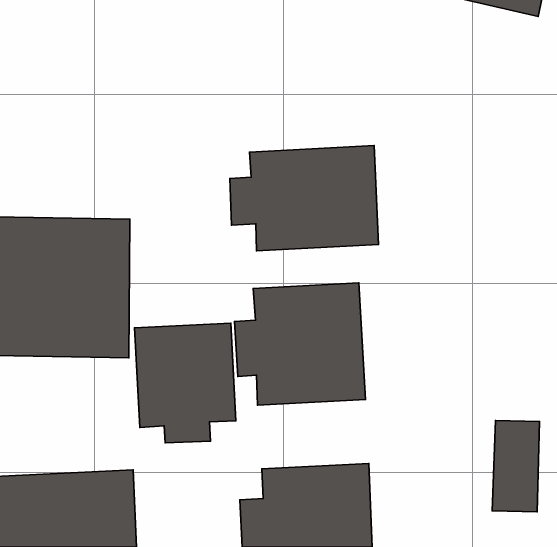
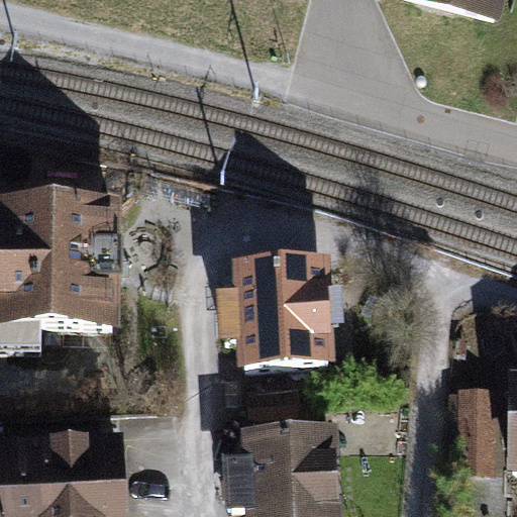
building: [230,146,379,251] -> none
building: [134,323,236,443] -> none

